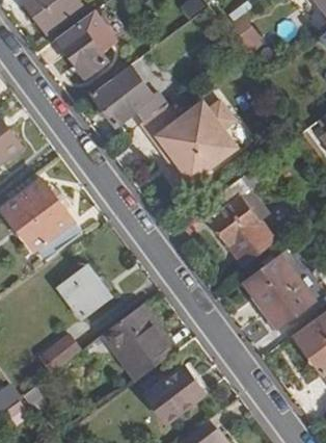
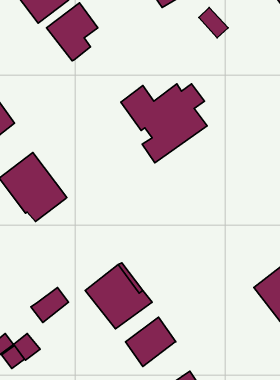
building: [91,63,168,126] -> none
building: [202,167,271,261] -> none
building: [243,254,314,327] -> none
building: [57,265,107,318] -> none

